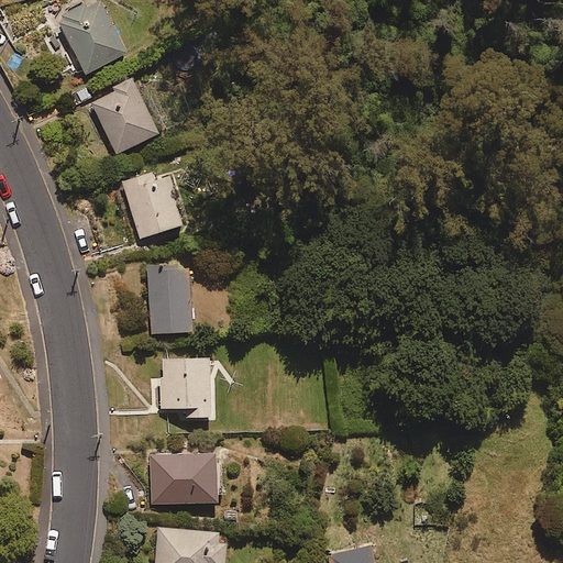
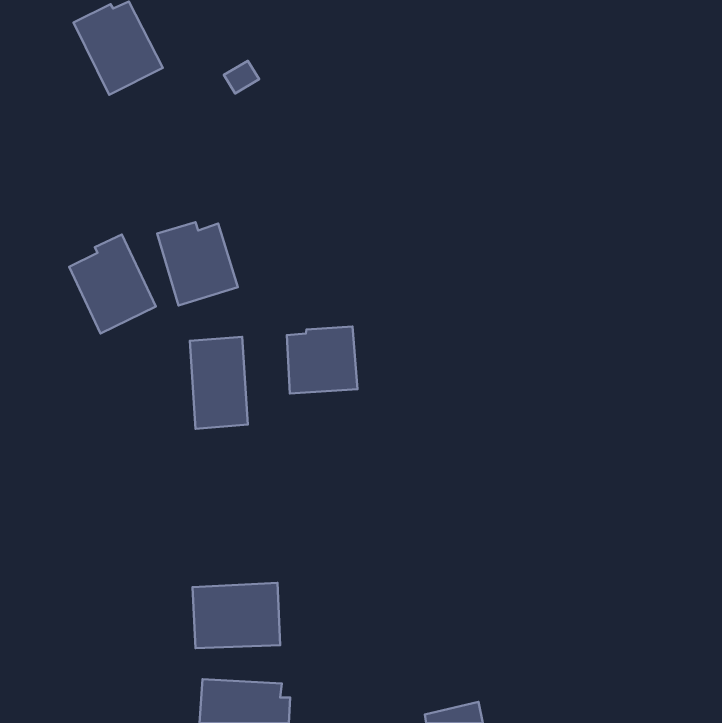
building: [91,77,158,154] -> [69,234,156,333]
building: none -> [287,326,357,394]
building: [159,358,210,417] -> none

